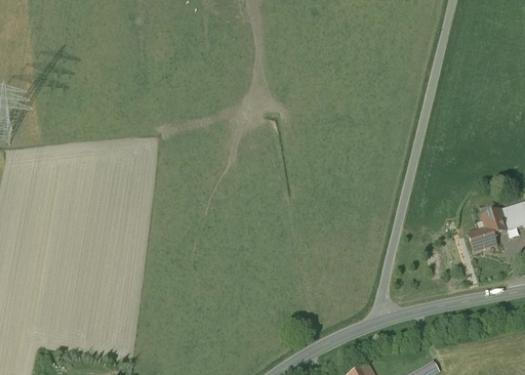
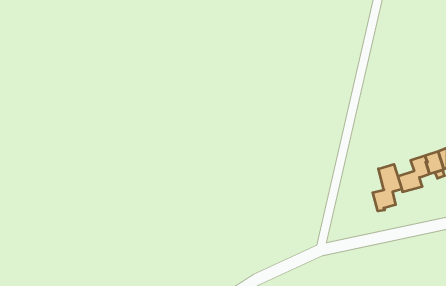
building: none -> [373,164,402,211]

